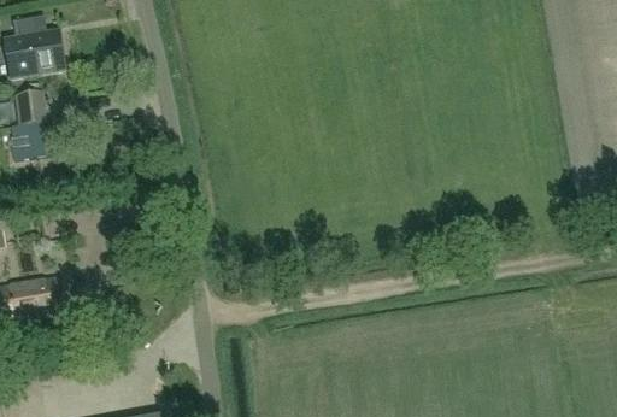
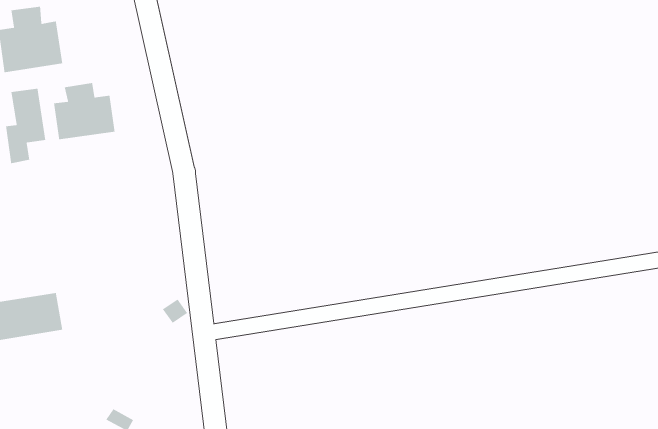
building: none -> [53,82,116,140]

